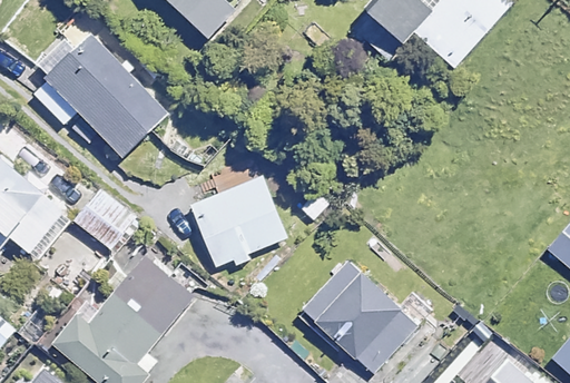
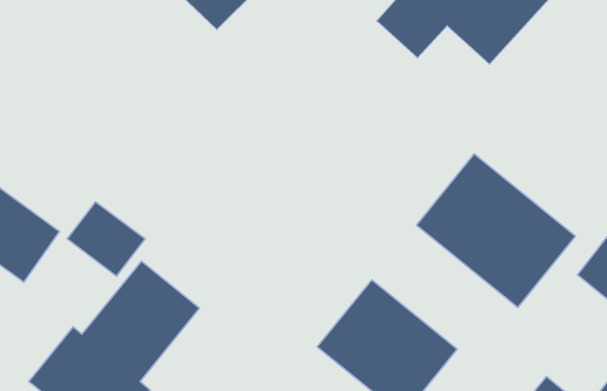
building: [32,32,168,154] -> none
building: none -> [417,154,575,307]
building: [189,176,292,267] -> none

